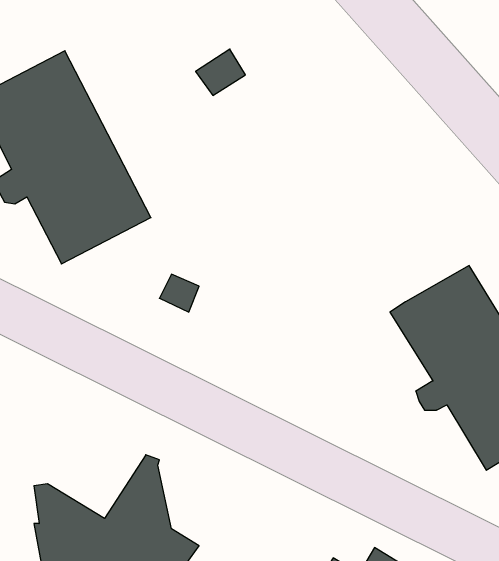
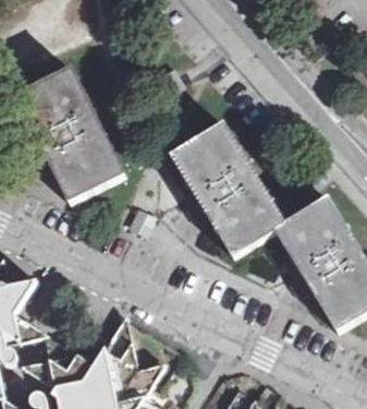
building: none -> [172,124,288,260]

